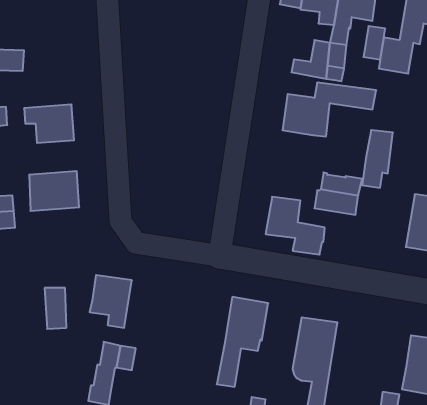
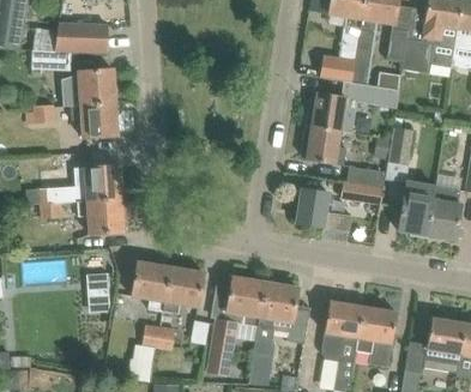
building: none -> [55,23,108,52]
building: none -> [62,68,115,105]
building: none -> [303,125,346,165]
building: none -> [398,181,435,235]
building: none -> [77,198,125,234]
building: none -> [164,266,204,313]
building: none -> [209,277,265,376]
building: none -> [356,306,397,367]

